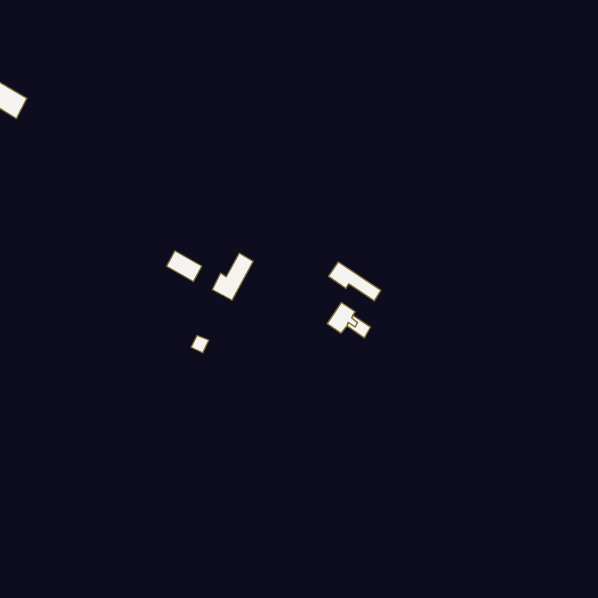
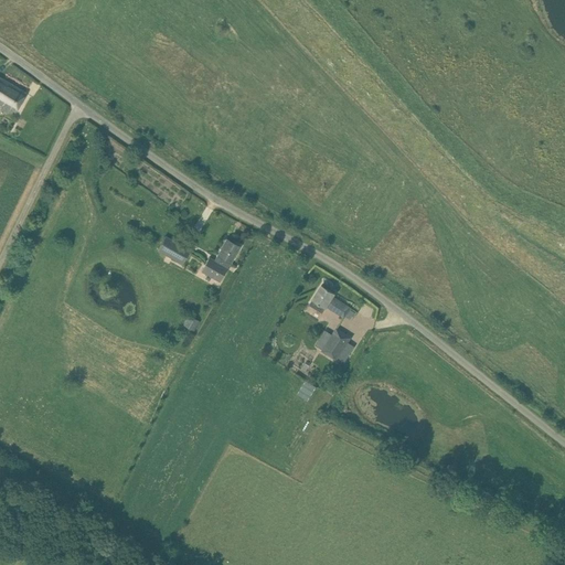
building: [329,262,381,301] -> none
building: none -> [321,330,350,361]

